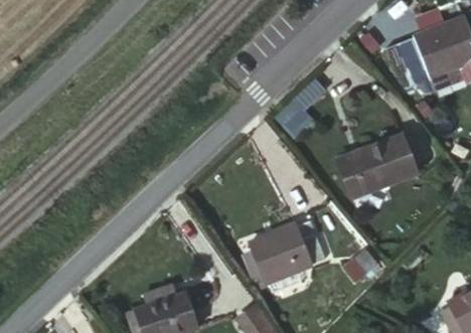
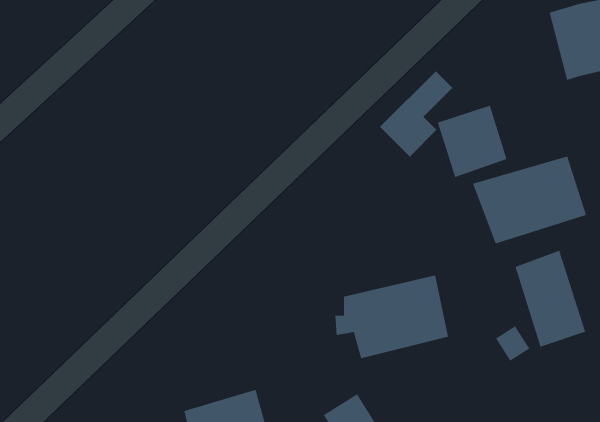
building: none -> [437,105,507,178]
building: none -> [515,250,586,348]

